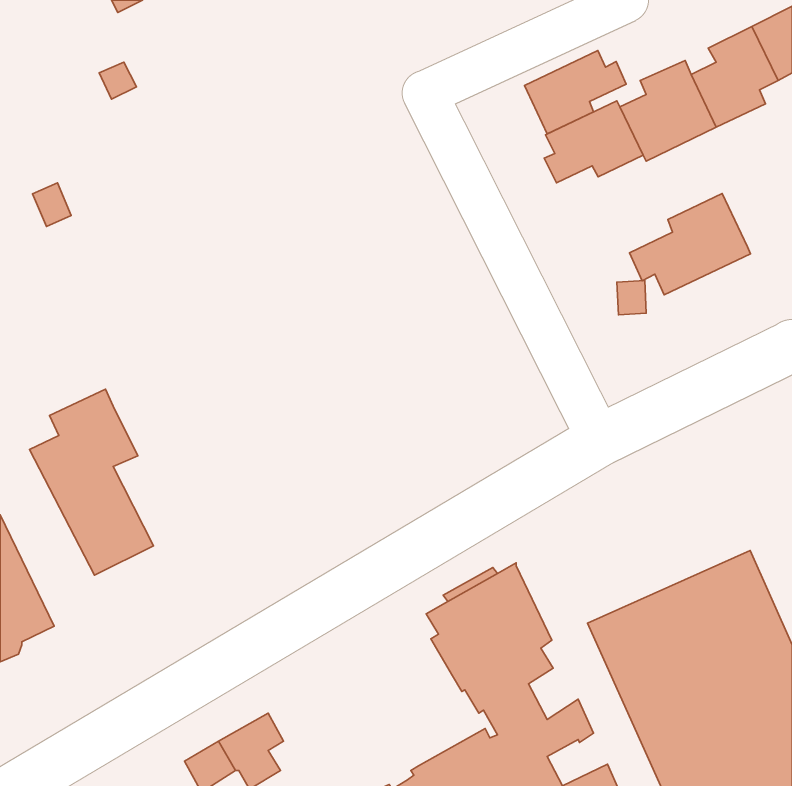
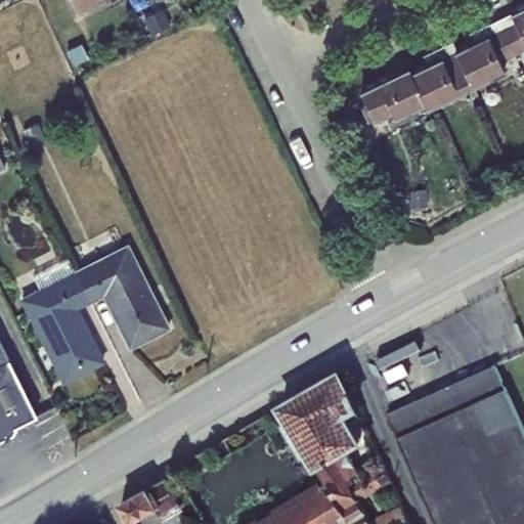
building: [525,50,626,134] -> none
building: [629,194,751,295] -> none
building: none -> [75,247,169,350]

